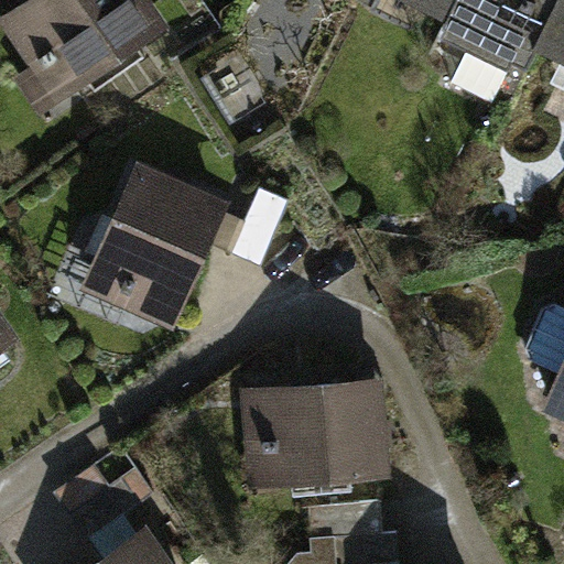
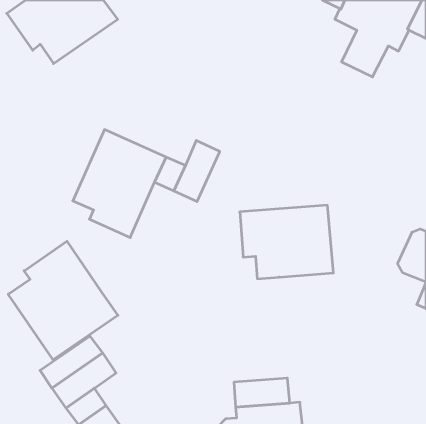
building: none -> [8,241,118,360]
building: [254,386,378,482] -> [240,205,333,279]

